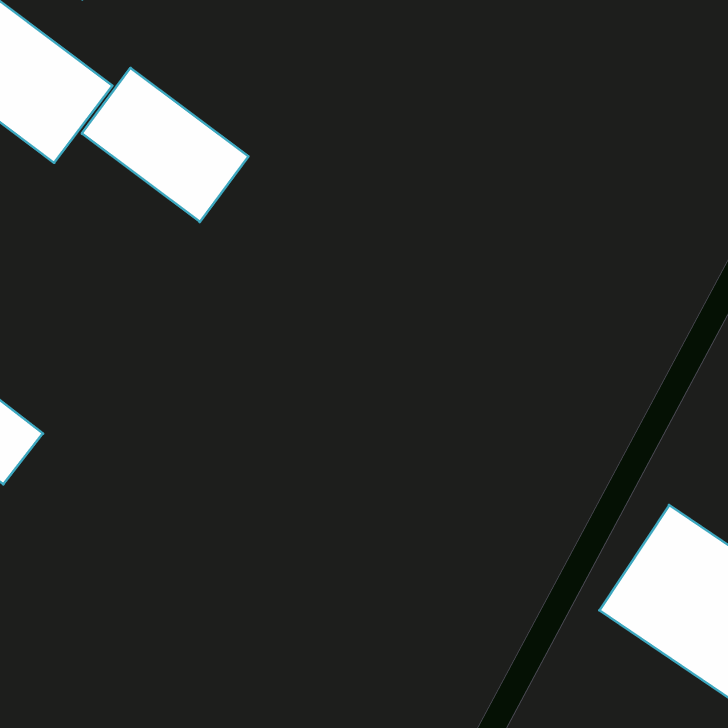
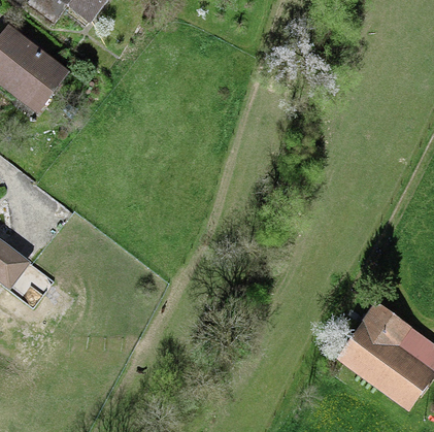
building: [82,68,248,222] -> none

